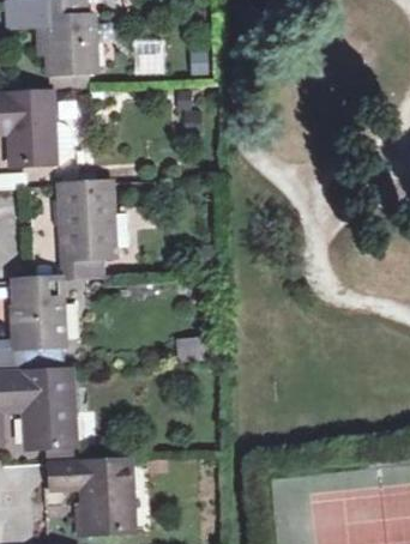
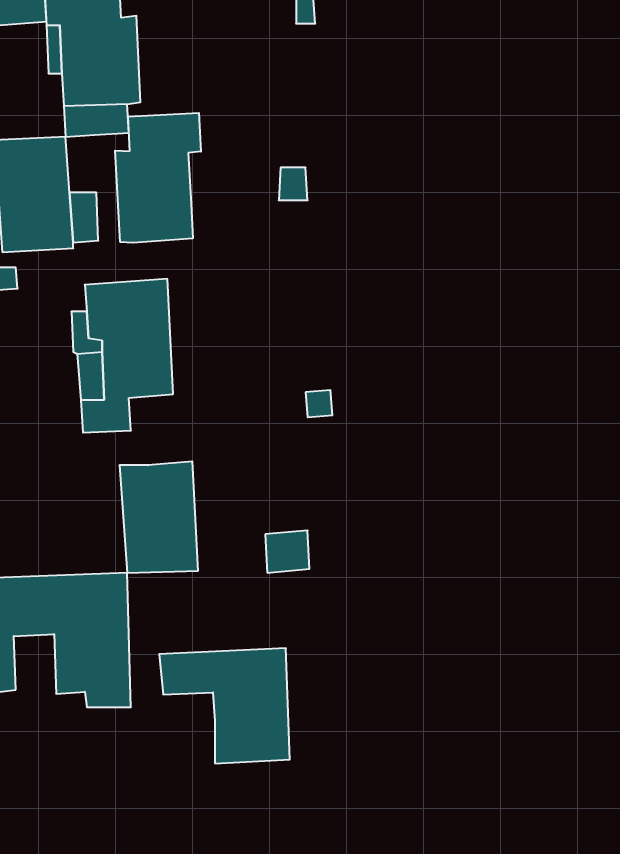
building: none -> [115,113,201,243]
building: [13,277,62,346] -> [119,461,198,573]
building: [48,459,129,531] -> [159,648,290,763]

